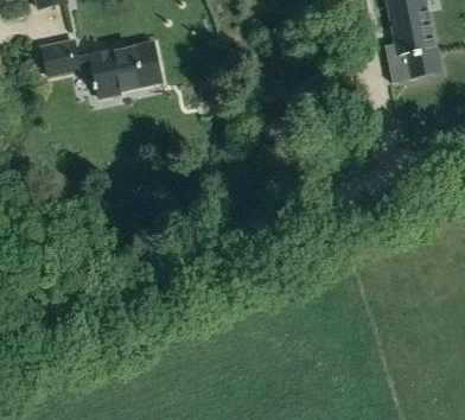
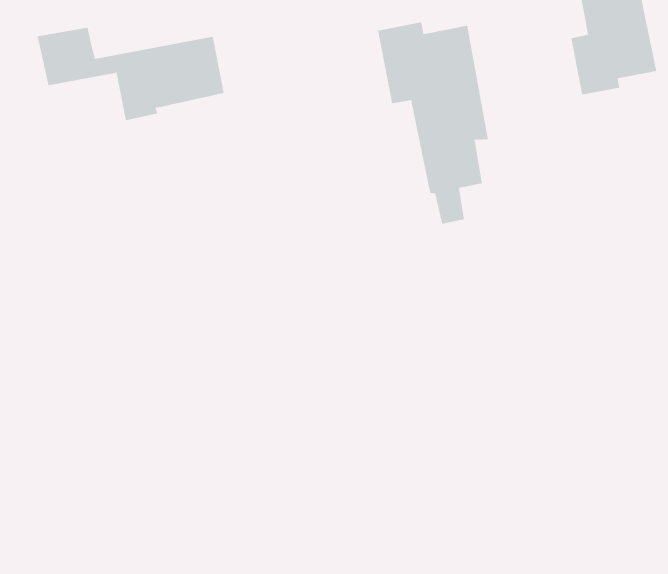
building: none -> [378,21,488,225]

